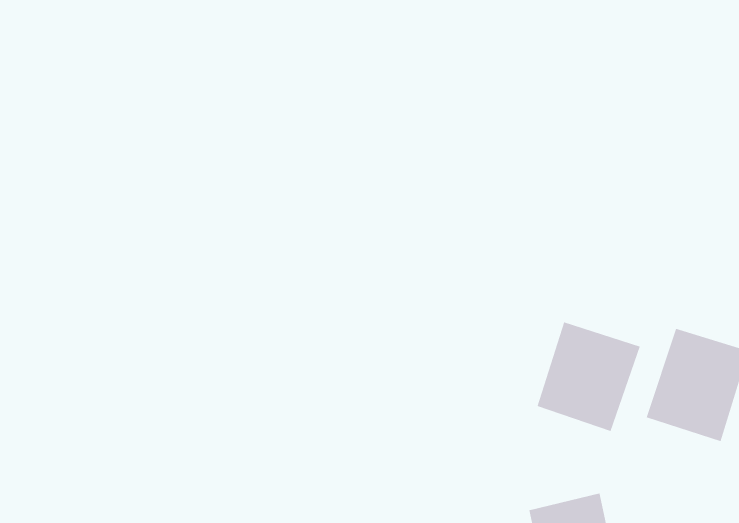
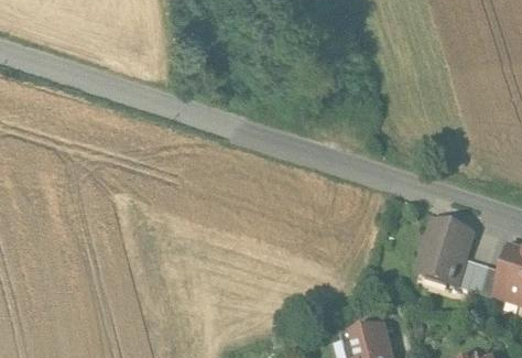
building: [537,321,640,432] -> none

